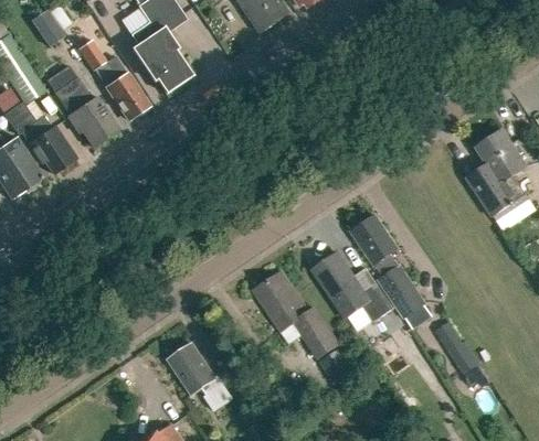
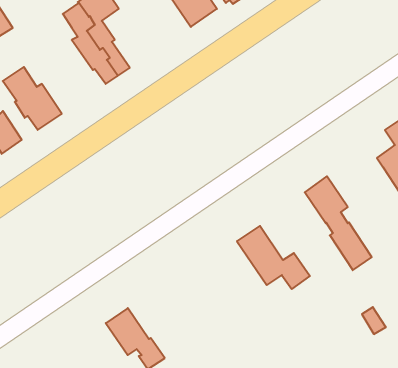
building: [78,40,148,118] -> none
building: [350,213,424,316] -> [305,176,372,270]
building: [257,273,338,357] -> none

